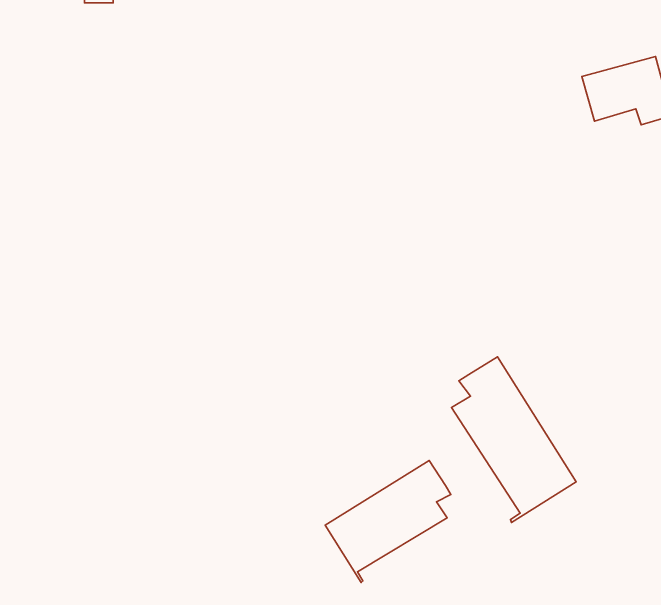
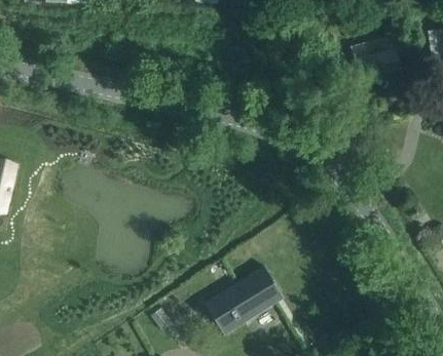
building: [452,357,576,522] -> none

